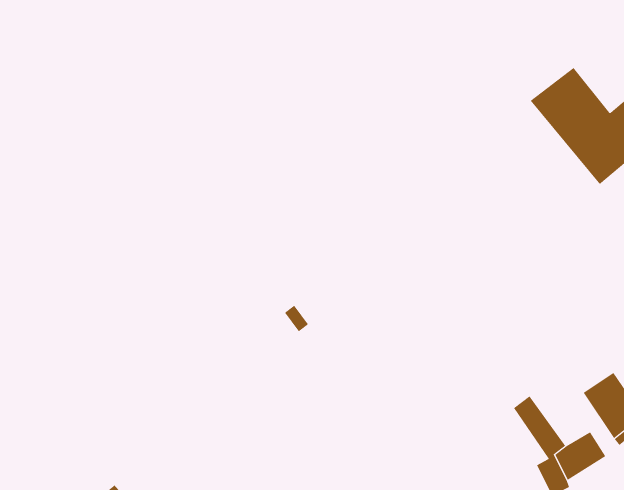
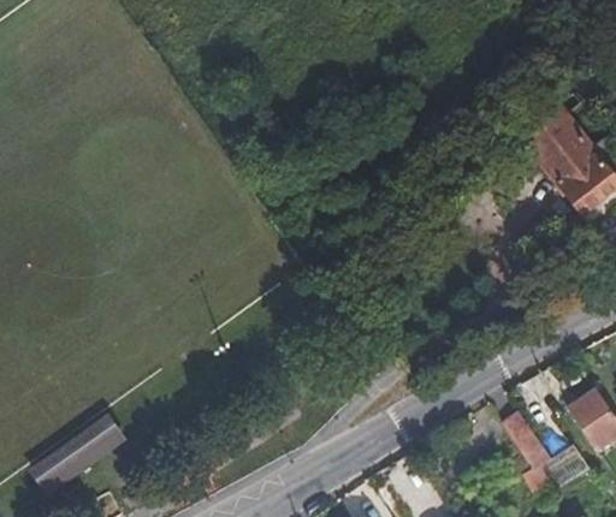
building: none -> [30,415,124,493]

